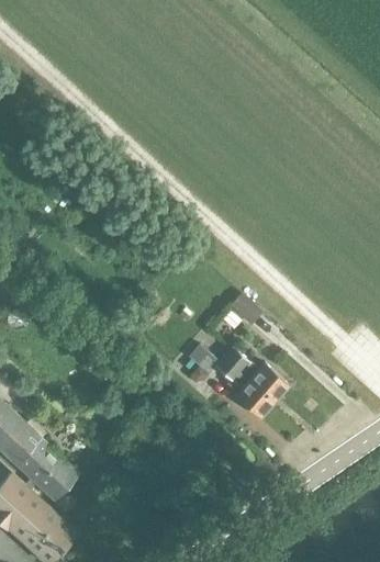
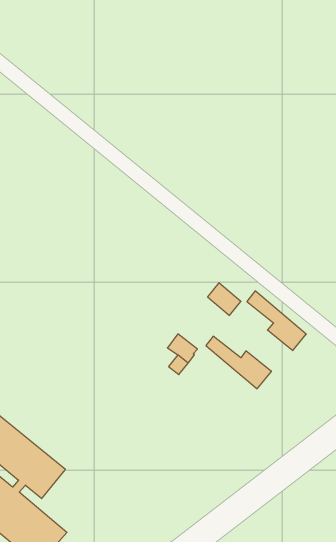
building: [217,358,275,419] -> [247,291,306,351]

